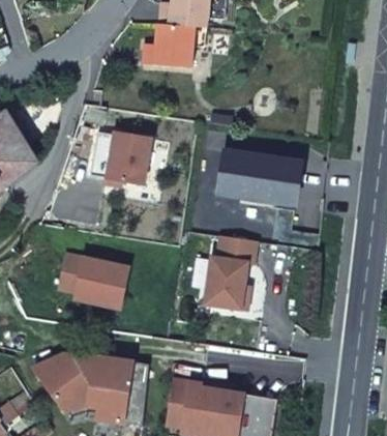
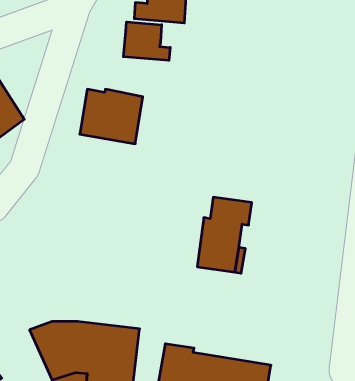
building: none -> [123,22,170,60]
building: [217,151,301,204] -> none
building: [58,253,128,308] -> none

